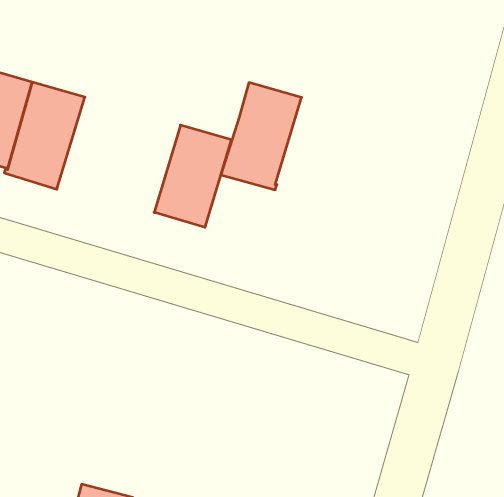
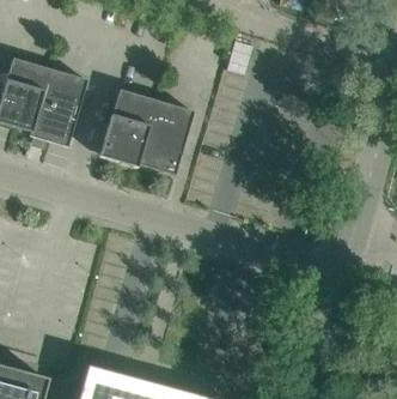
building: [221,83,302,190] -> [98,87,157,165]

